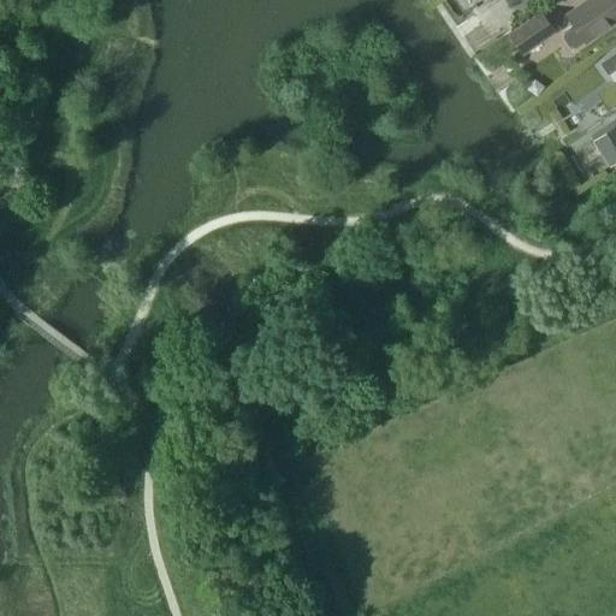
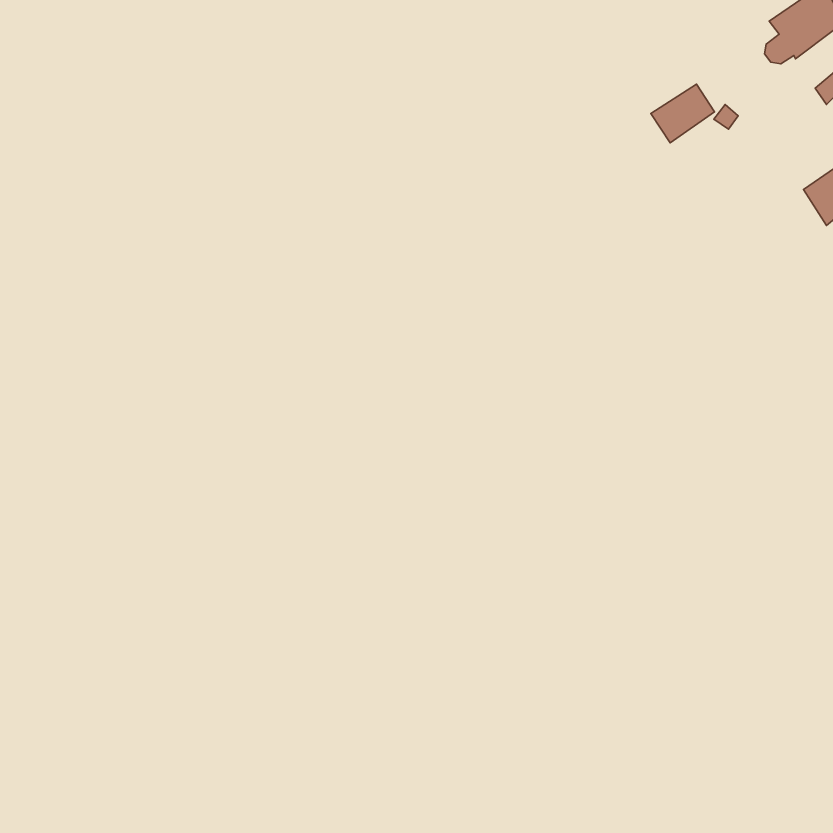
building: [509,11,556,54] -> [651,84,714,143]

